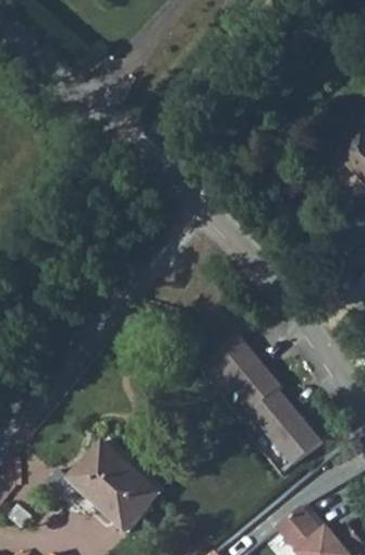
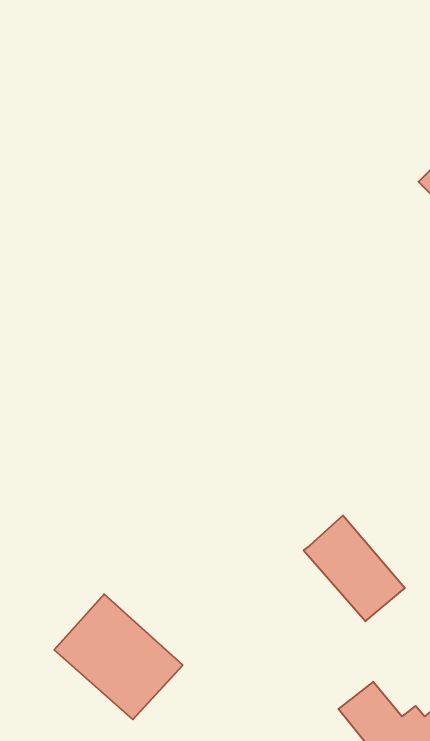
building: [208,335,280,410] -> none

